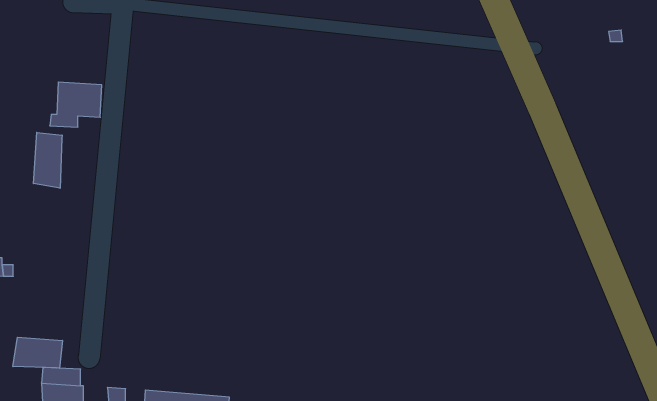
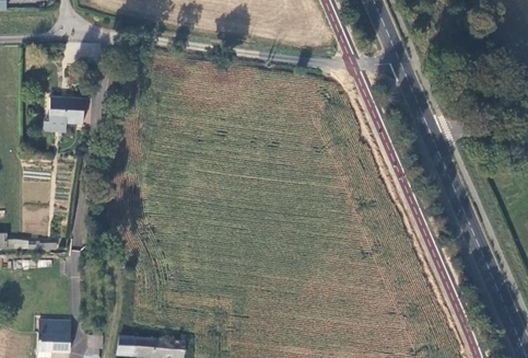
building: [33,132,62,188] -> none
building: [13,337,62,368] -> none

